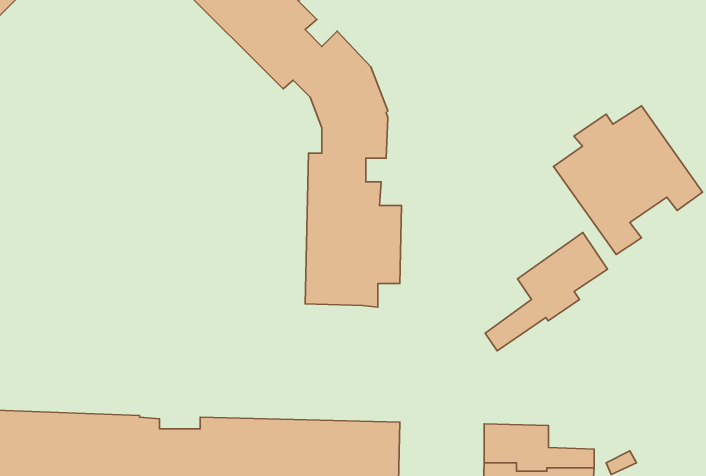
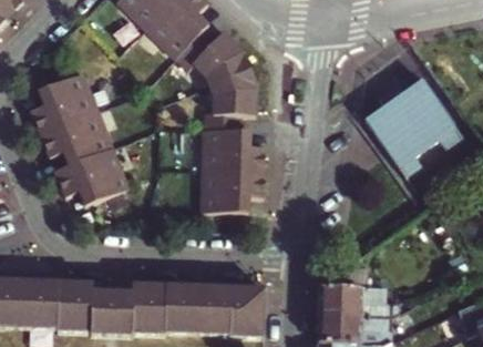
building: none -> [30,72,129,205]
building: [485,232,607,351] -> none

